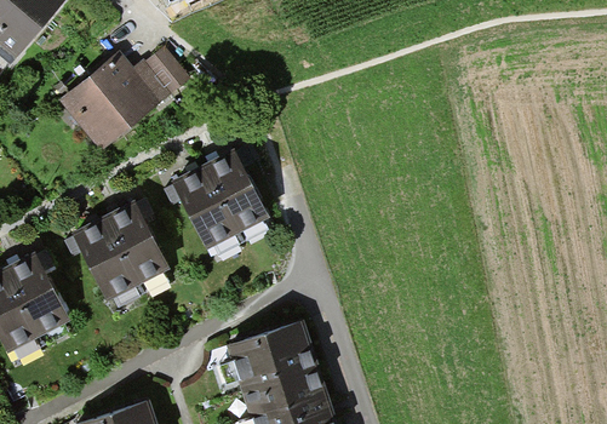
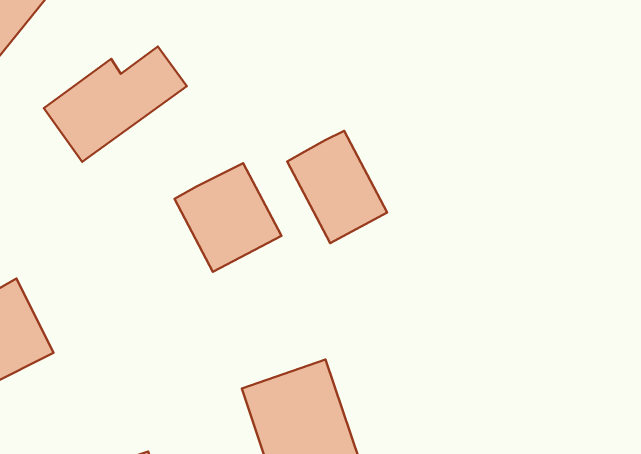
building: none -> [287,131,387,243]
building: [69,199,164,297] -> none

